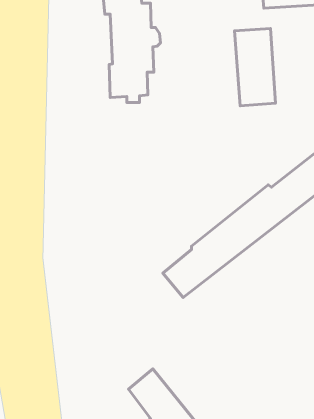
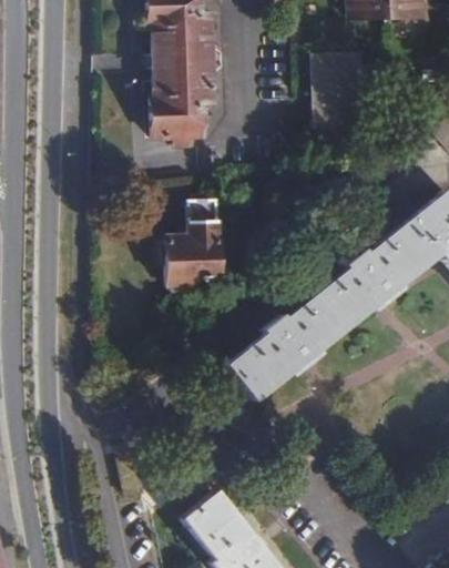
building: none -> [156,197,218,292]

